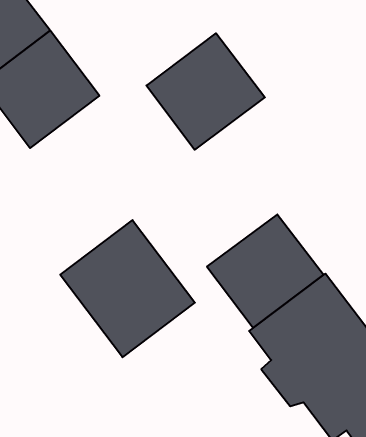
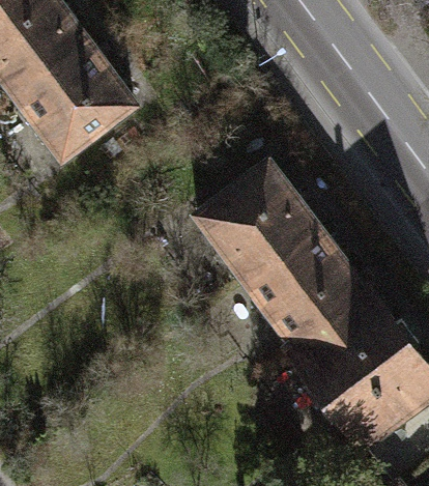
building: [146,33,265,150] -> [194,158,316,278]
building: [60,220,195,357] -> none

